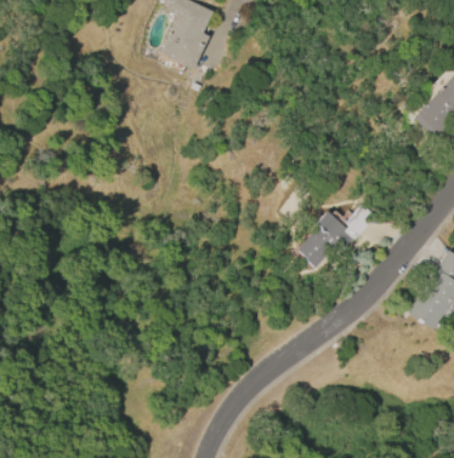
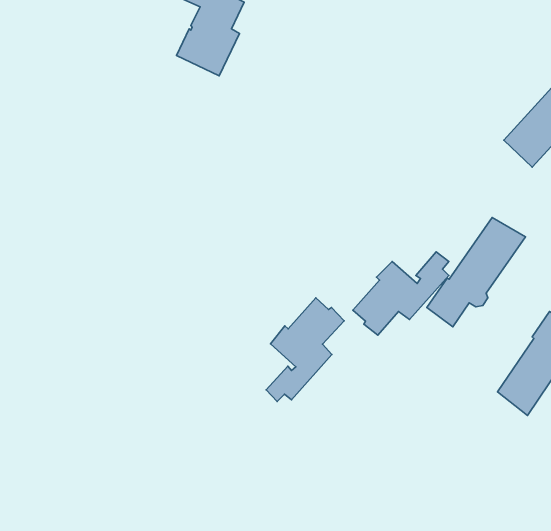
building: none -> [427,218,526,327]
building: none -> [266,298,344,401]

